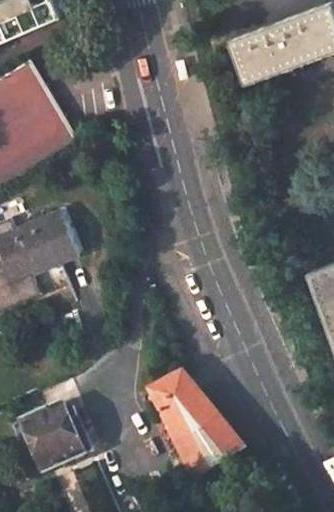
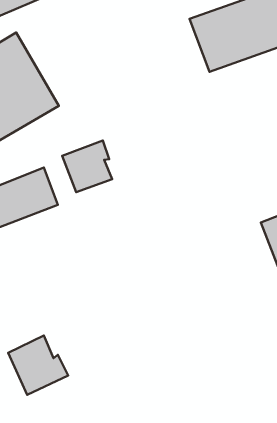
building: none -> [62,140,112,192]
building: [146,375,246,487] -> none

